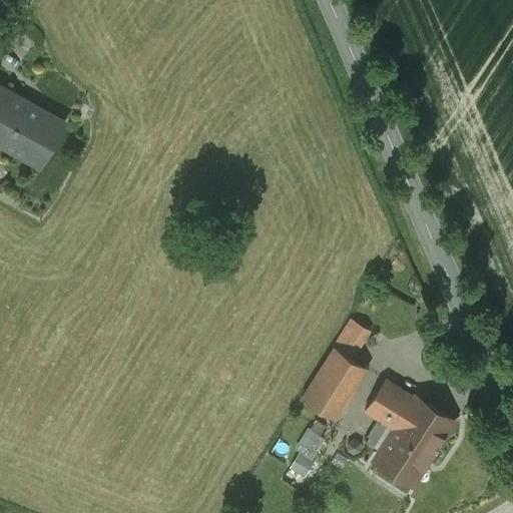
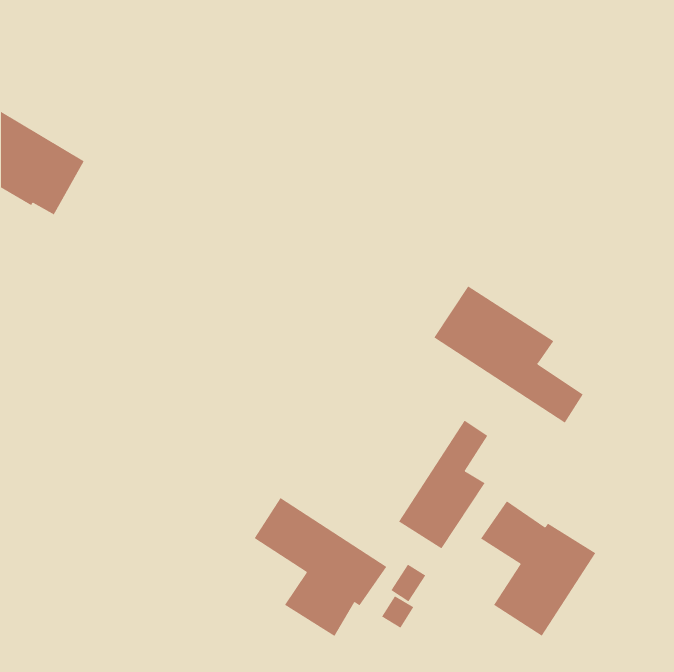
building: none -> [433,286,583,423]
building: none -> [254,497,387,637]

